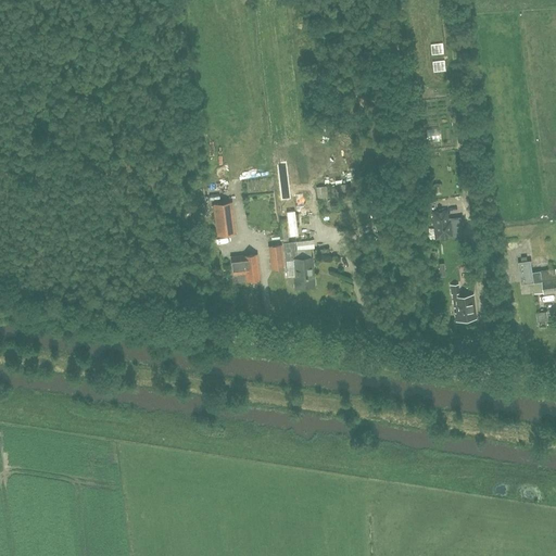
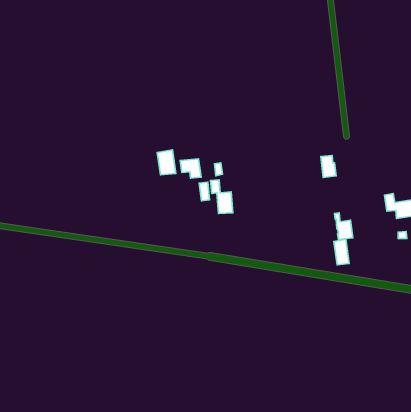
building: [232,255,261,281] -> [180,159,201,178]
building: none -> [334,239,349,265]

